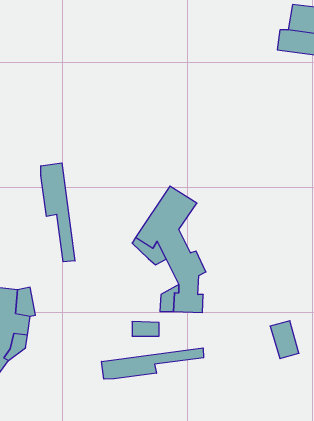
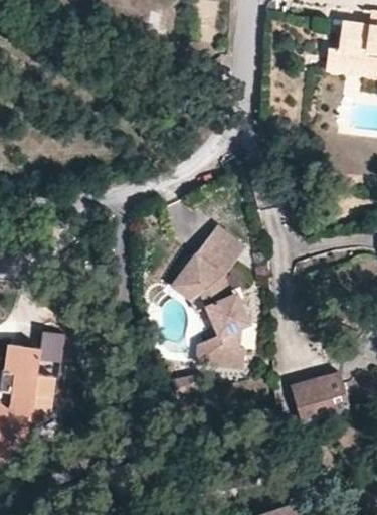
building: [41,163,75,262] -> none
building: none -> [294,379,332,423]
building: [102,348,204,379] -> none

